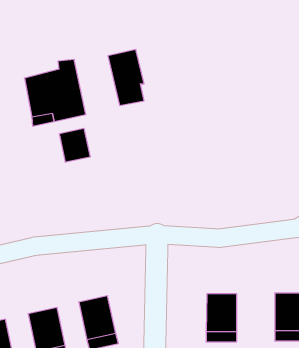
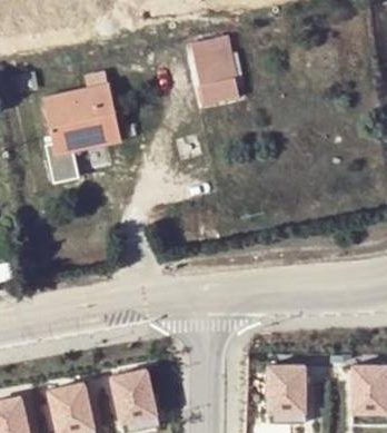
building: [108,49,144,105] -> [191,39,236,108]
building: [60,128,90,162] -> none

